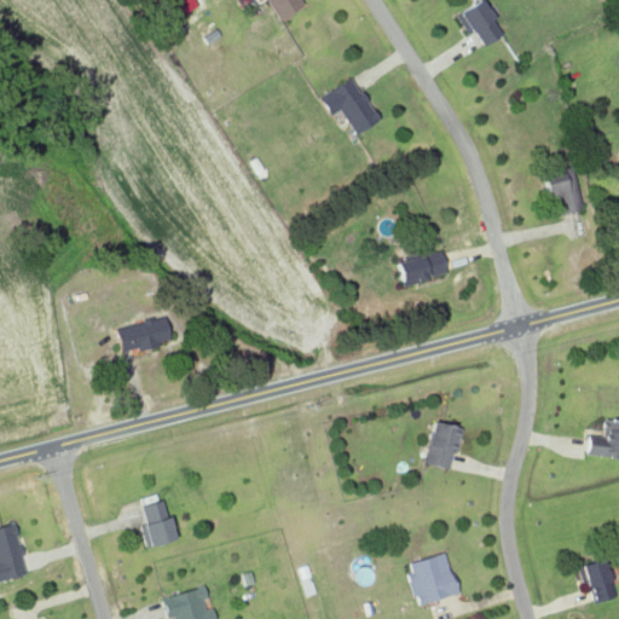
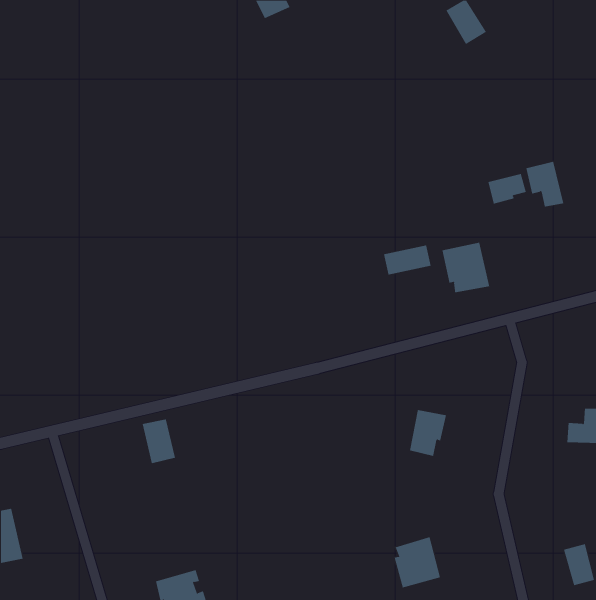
building: [320,77,380,134] -> none
building: none -> [488,173,527,205]
building: none -> [442,242,490,293]
building: [117,317,173,353] -> none
building: [141,501,177,546] -> [142,419,176,464]

